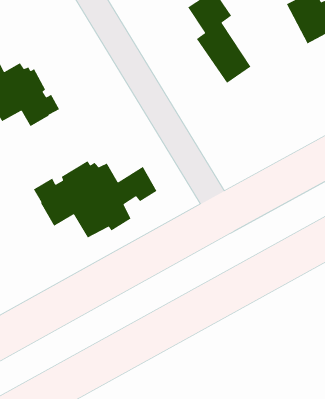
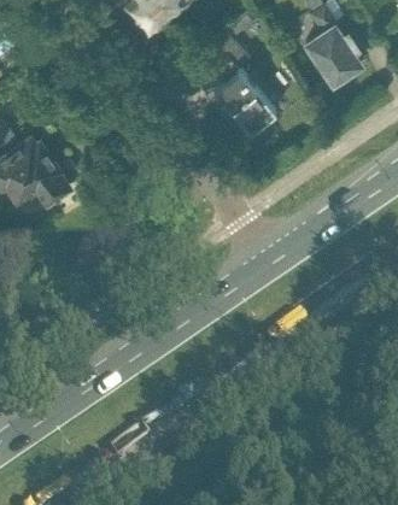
building: [33,160,158,238] -> none

